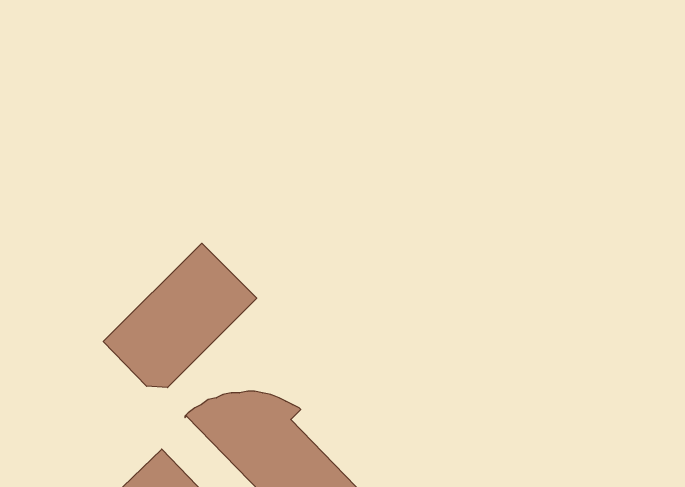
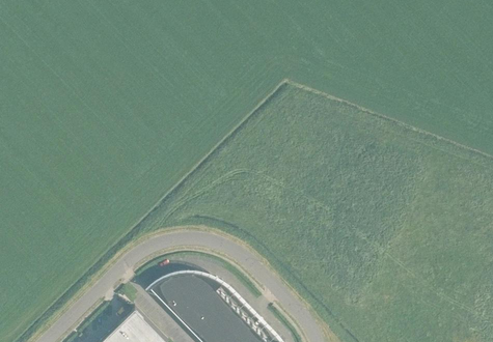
building: [103,243,257,388] -> none

